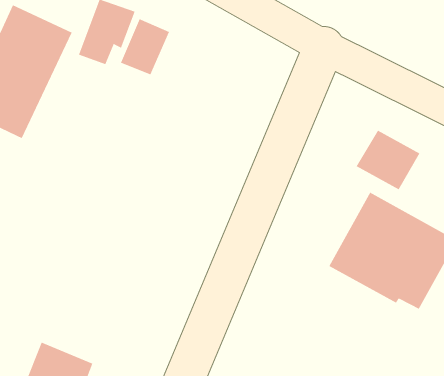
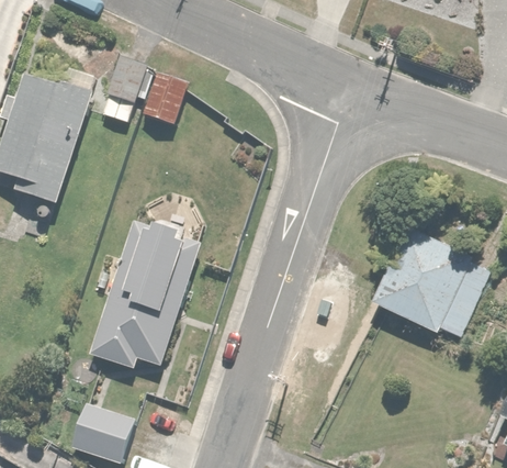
building: [356,130,420,190] -> none
building: none -> [86,215,202,368]

